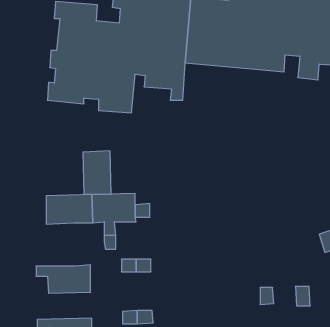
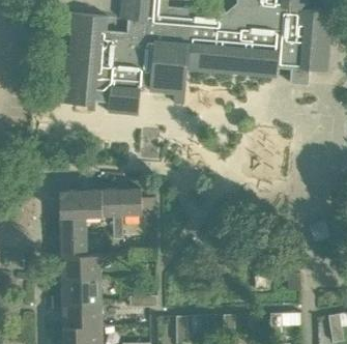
building: [83,151,111,194] -> [60,216,86,255]
building: none -> [52,279,102,304]

